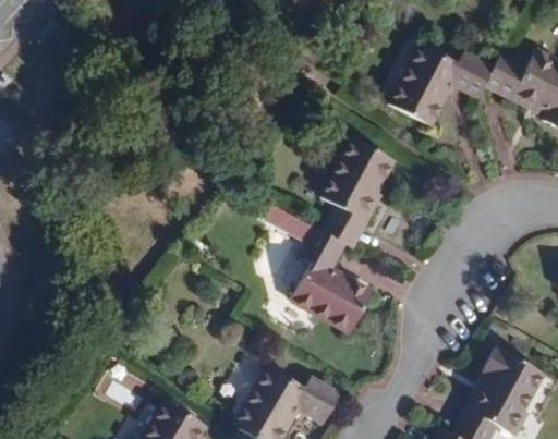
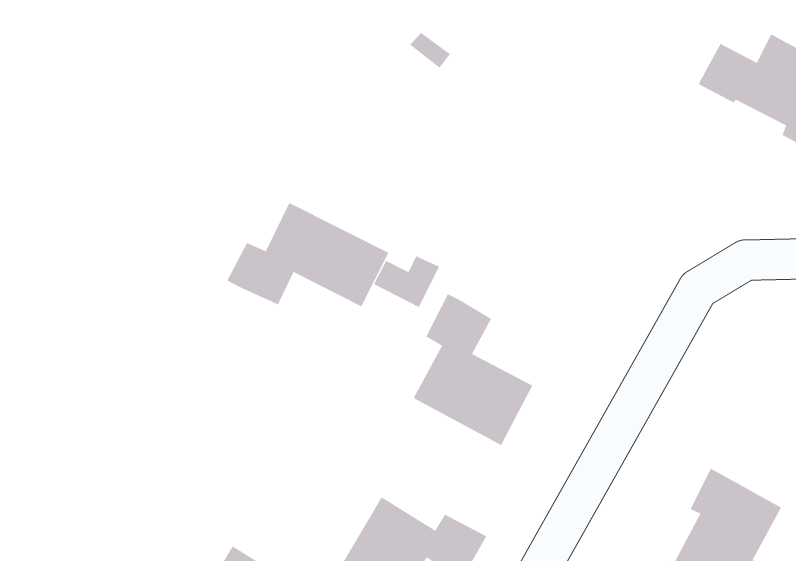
building: [389,46,494,126] -> none
building: [322,138,395,248] -> none
building: none -> [227,202,389,307]

